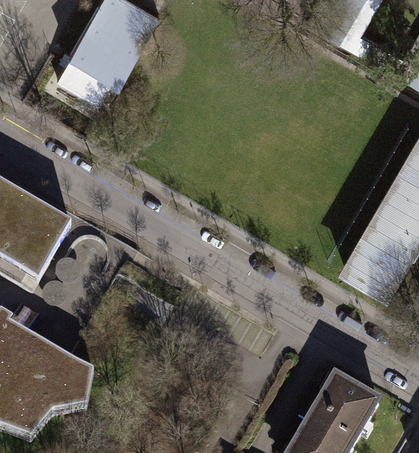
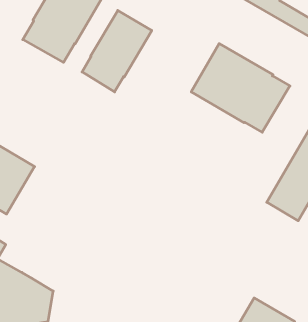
building: none -> [82,10,152,92]
building: none -> [191,44,290,132]

